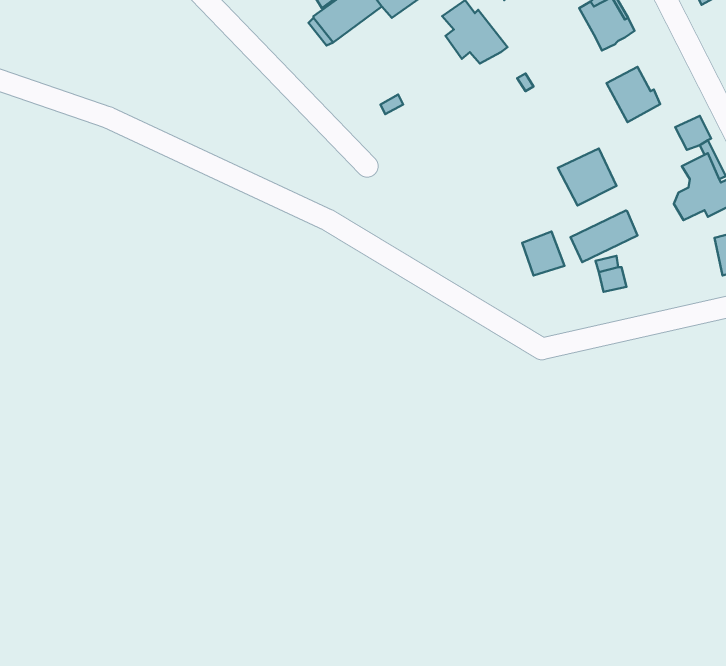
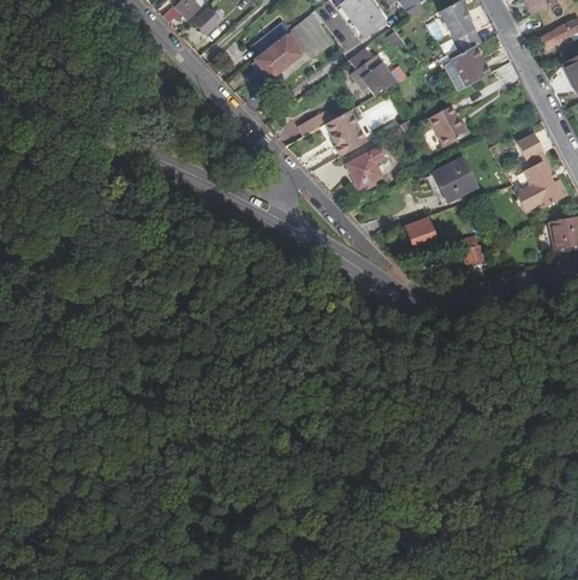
building: [606,67,660,122] -> [428,104,467,145]
building: none -> [326,104,375,155]
building: none -> [345,145,386,187]
building: [571,211,637,262] -> none

